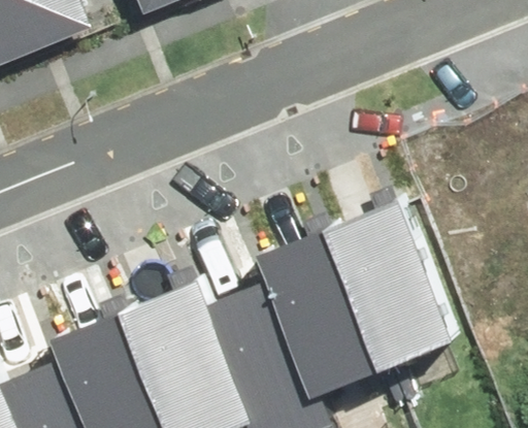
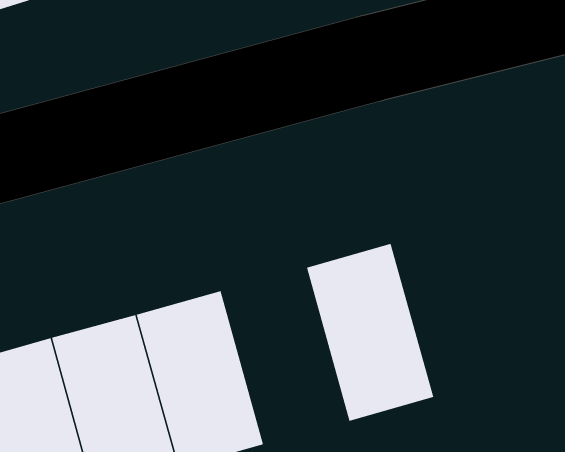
building: [349,185,463,330] -> none
building: [219,240,333,385] -> none

